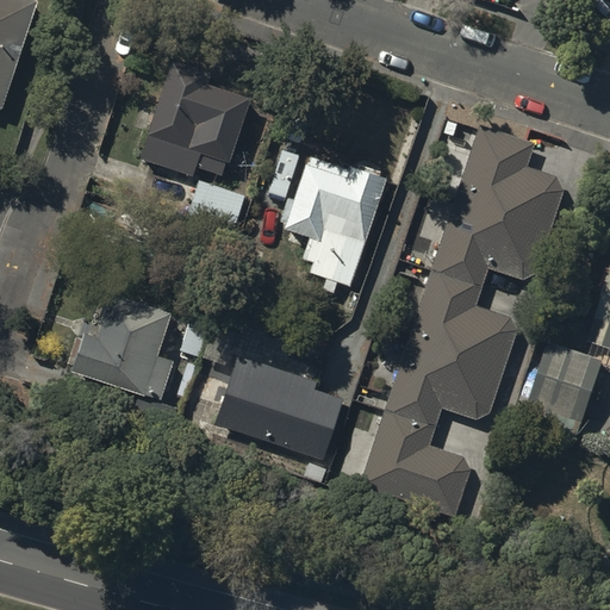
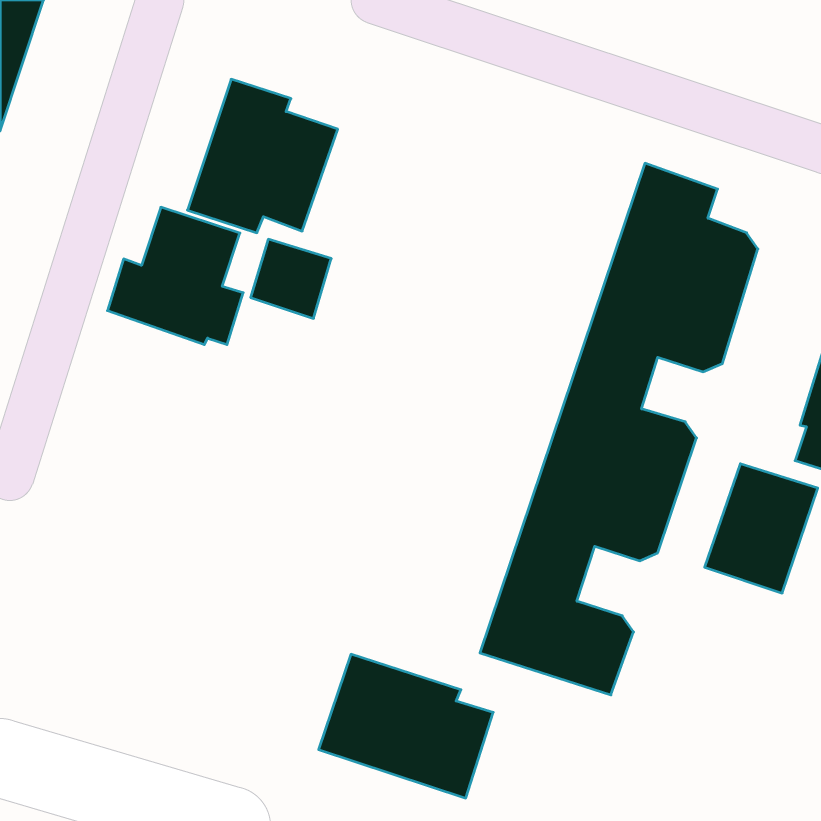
building: [280,155,388,293] -> none
building: [74,293,174,394] -> [107,207,243,345]
building: [214,355,343,461] -> [319,654,493,798]

